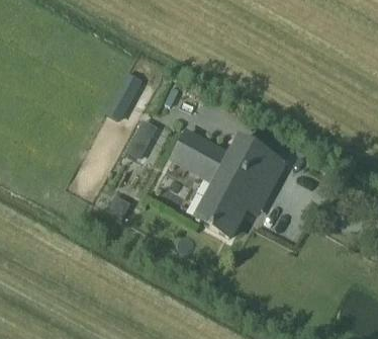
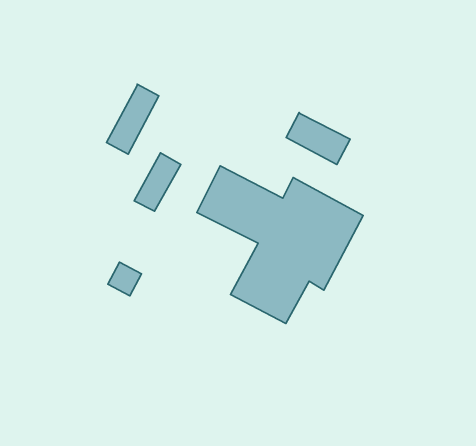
building: none -> [286,112,350,164]

